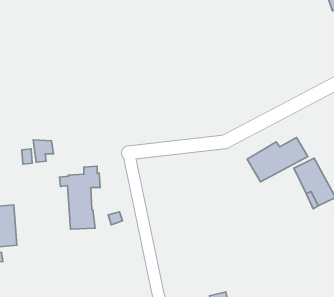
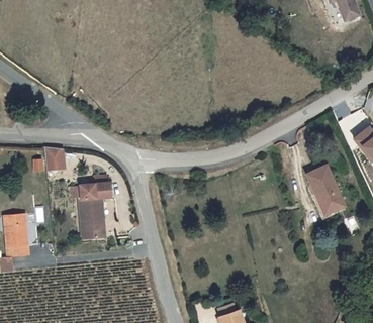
building: [247,137,308,182] -> none

